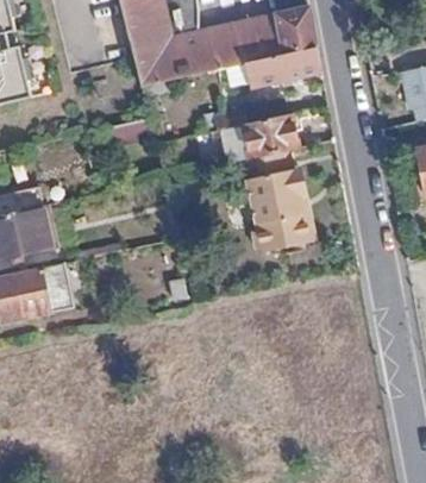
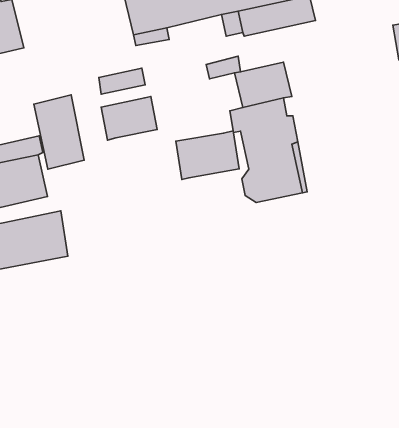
building: none -> [34,95,84,169]
building: none -> [101,97,157,140]
building: none -> [176,131,239,179]

